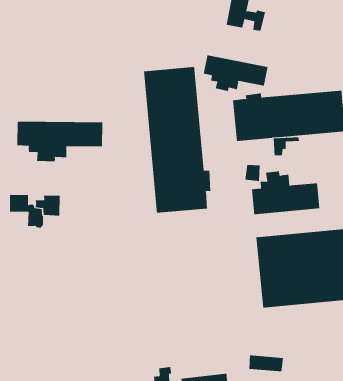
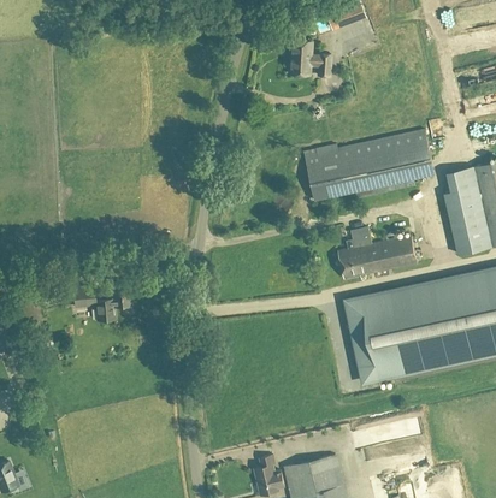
building: [203,54,268,92] -> none
building: [143,66,211,214] -> none
building: [17,121,103,162] -> none

